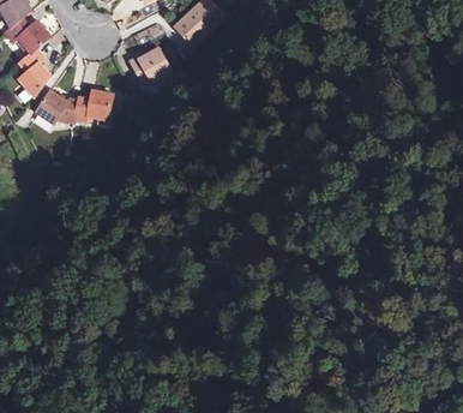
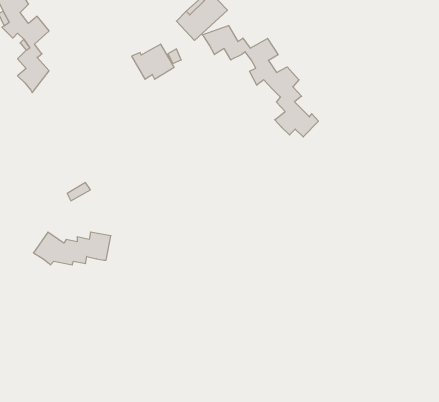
building: none -> [202,26,318,137]
building: [36,92,113,125] -> [33,232,111,265]

